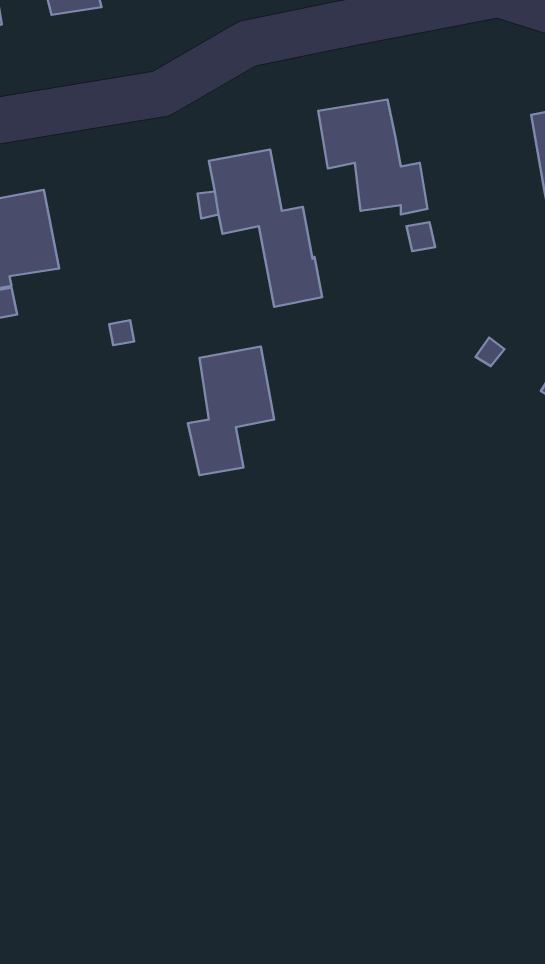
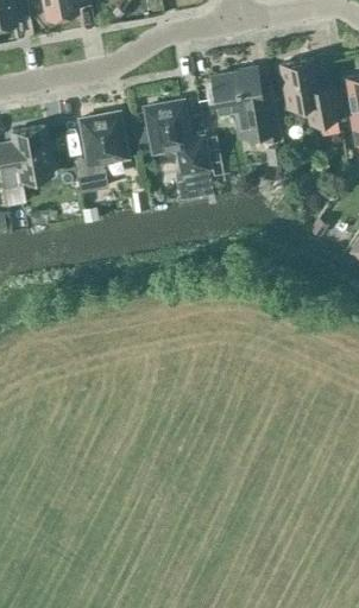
building: none -> [278,59,336,124]
building: [188,346,274,475] -> [73,113,126,192]

